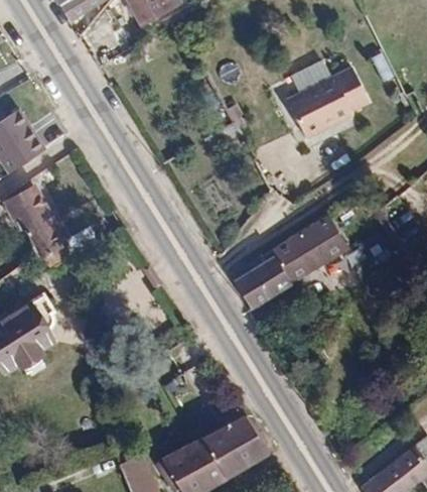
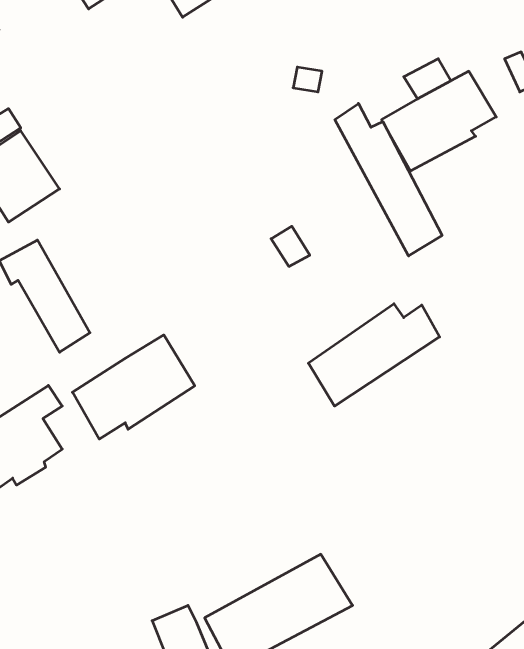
building: none -> [335,103,442,256]
building: [293,210,353,259] -> none
building: none -> [72,335,195,439]

